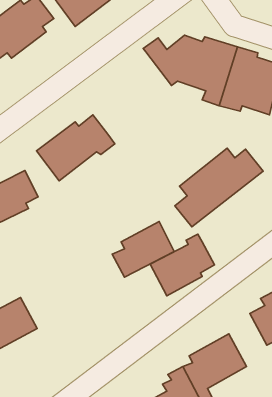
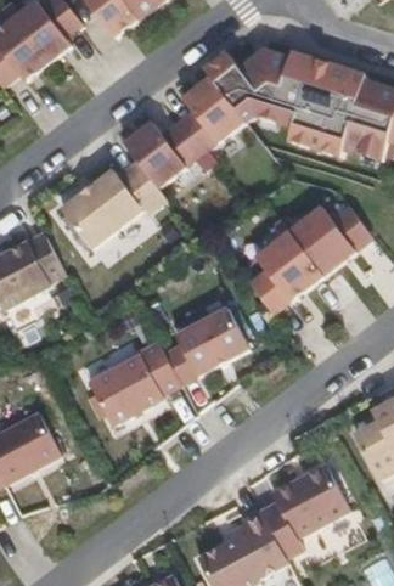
building: none -> [124,73,244,186]
building: [150,234,214,296] -> [91,340,180,426]

